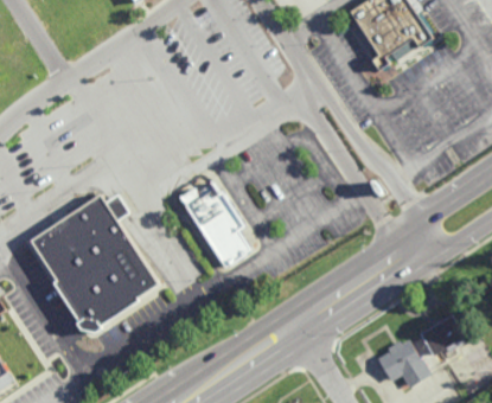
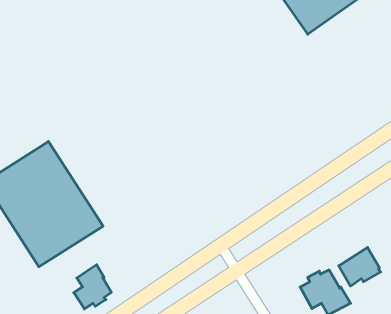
building: [173,186,249,270] -> none
building: none -> [74,265,111,309]

